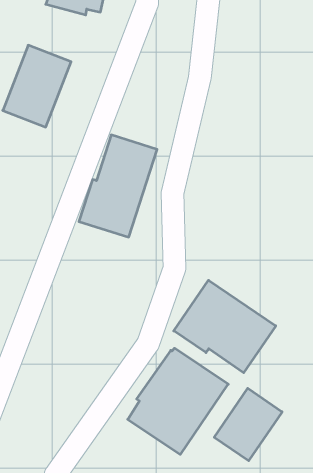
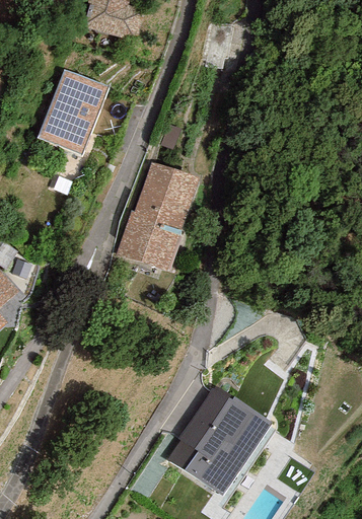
building: [174,280,276,373] -> none
building: [214,388,282,461] -> none

